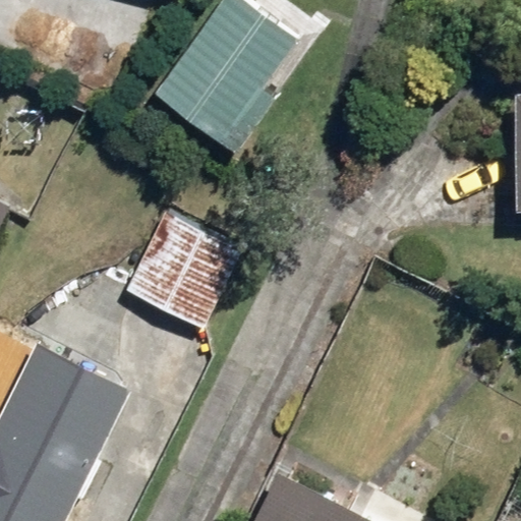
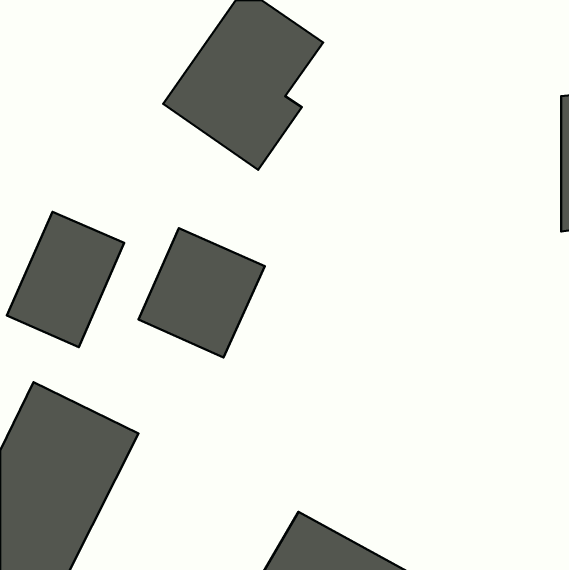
building: none -> [7,212,124,347]

